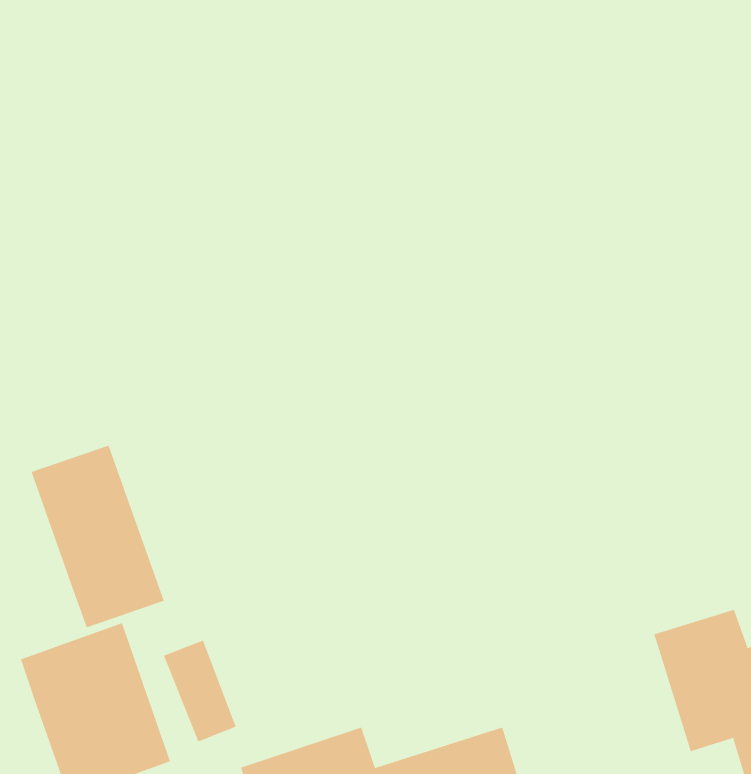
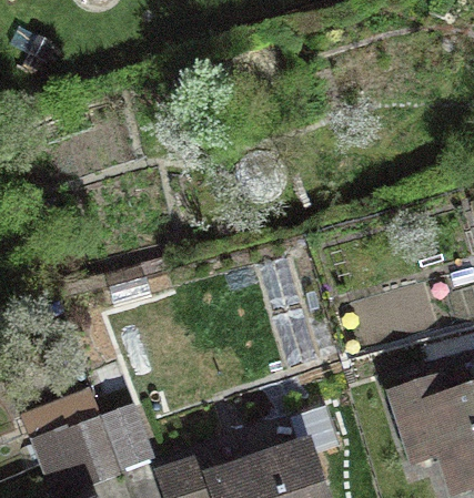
building: [31,445,165,628] -> none

